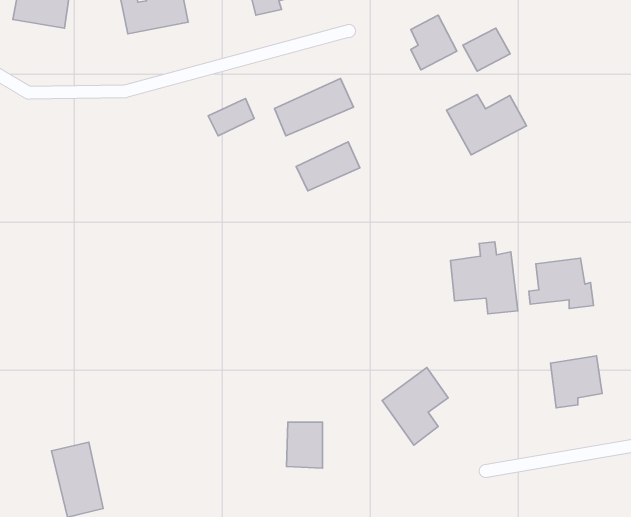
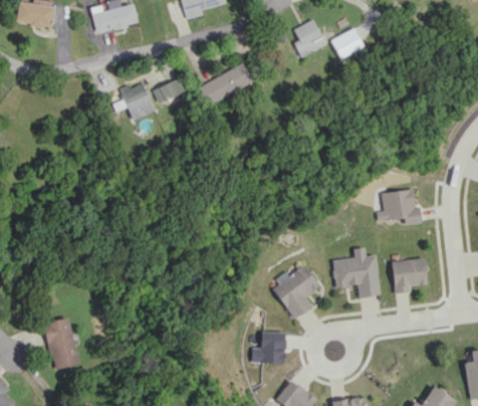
building: [446,95,527,155] -> none
building: none -> [112,82,154,120]
building: [296,142,360,191] -> none
building: [450,242,518,314] -> [332,247,380,297]
building: [287,422,322,468] -> [260,332,285,364]

